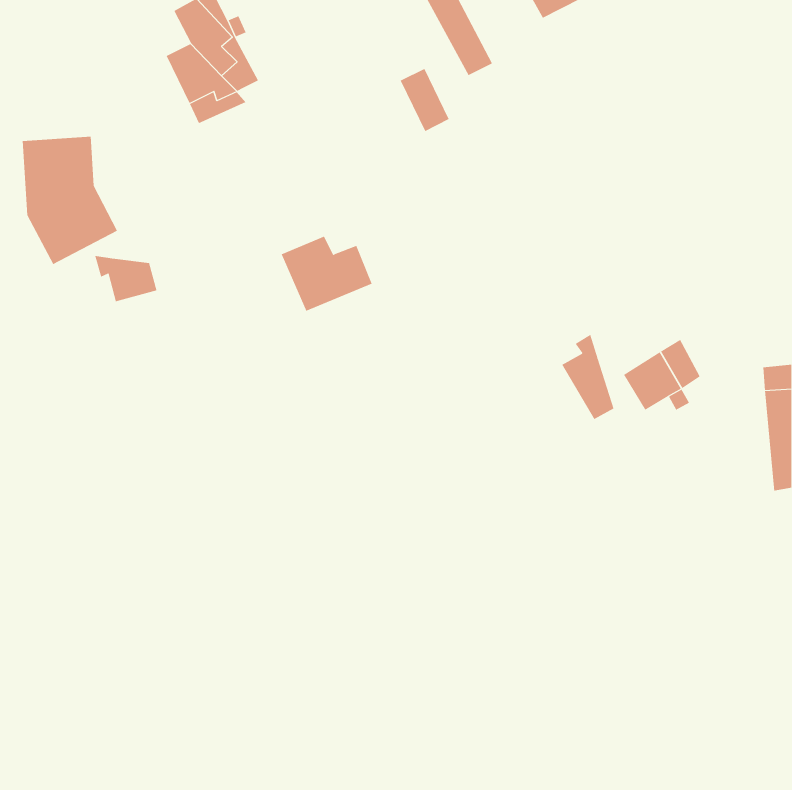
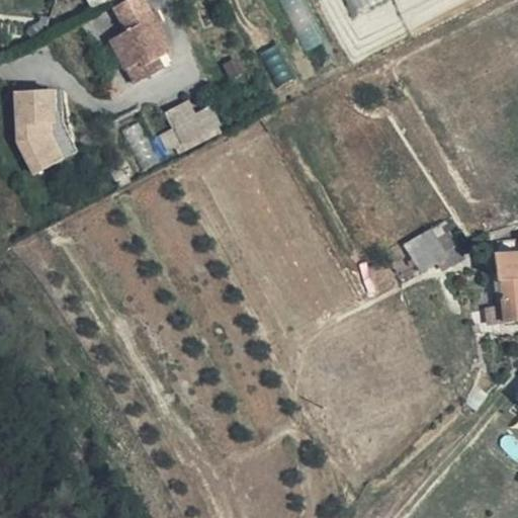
building: [281,236,372,312] -> [163,98,223,148]
building: [94,255,157,302] -> none
building: [562,334,614,420] -> none

